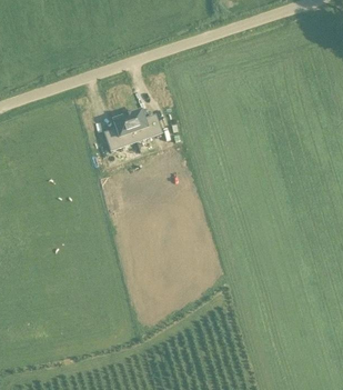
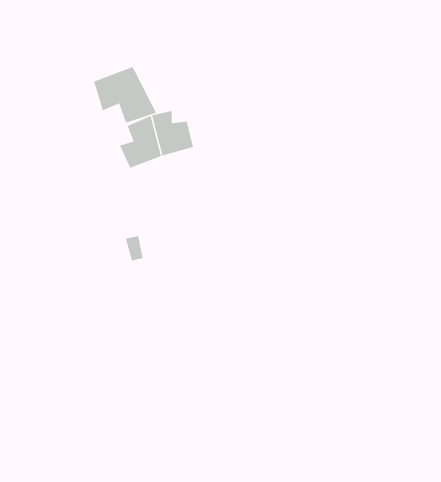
building: none -> [94,66,157,123]

